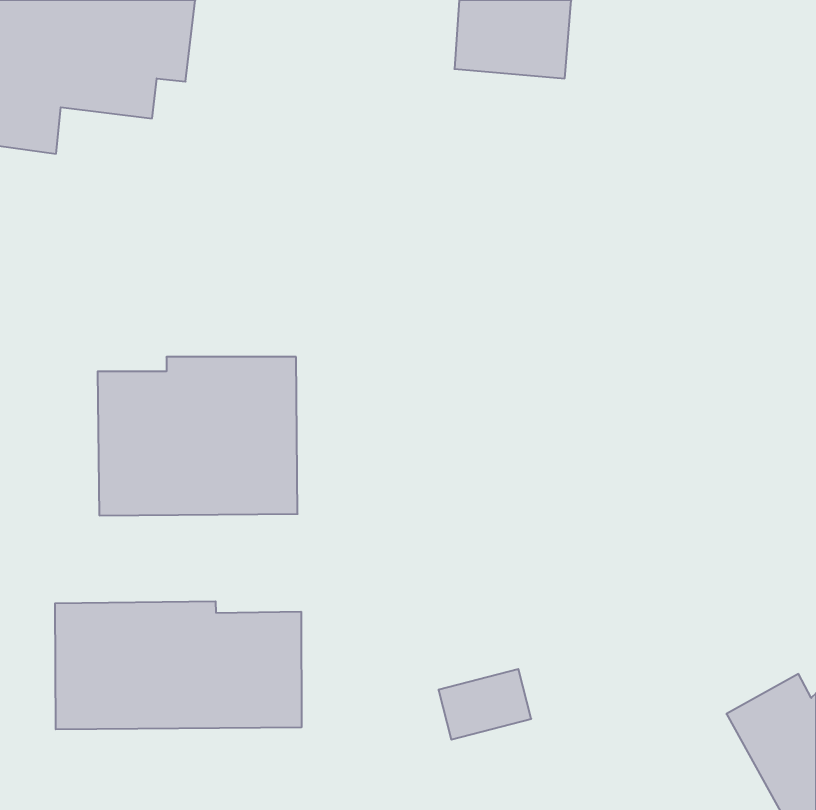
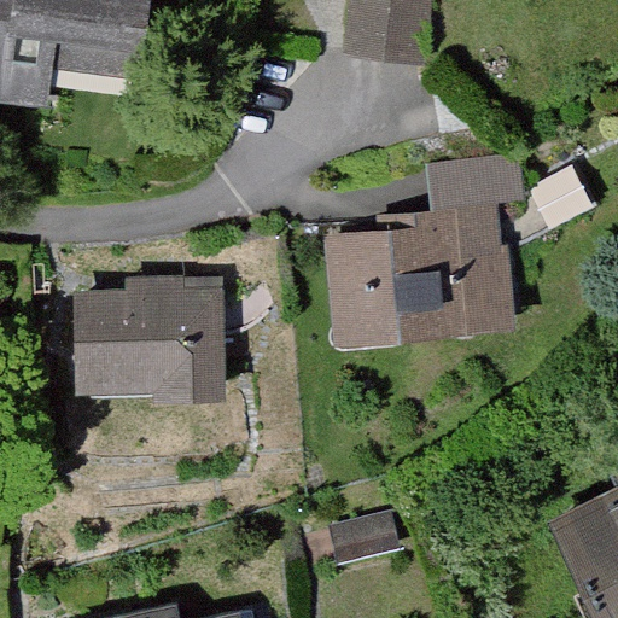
building: none -> [322,156,525,342]
building: [55,601,301,729] -> none

